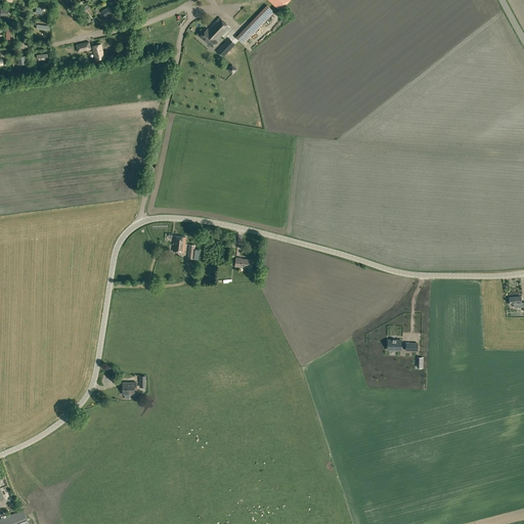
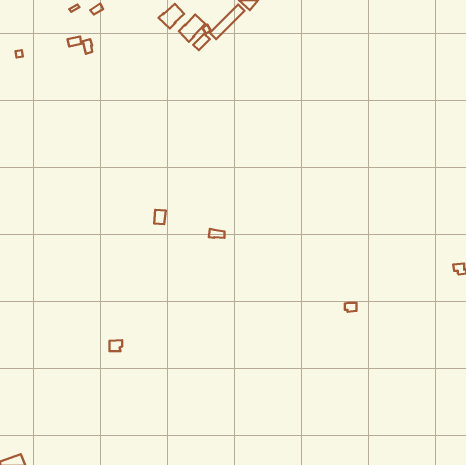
building: none -> [159,4,184,28]

